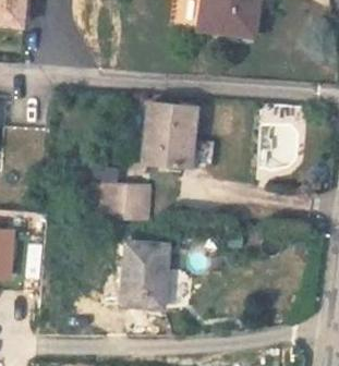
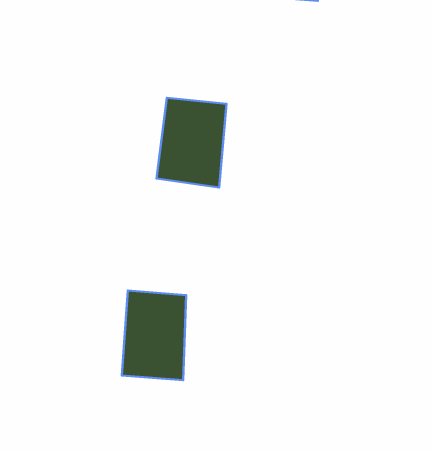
building: [108,182,148,220] -> none

